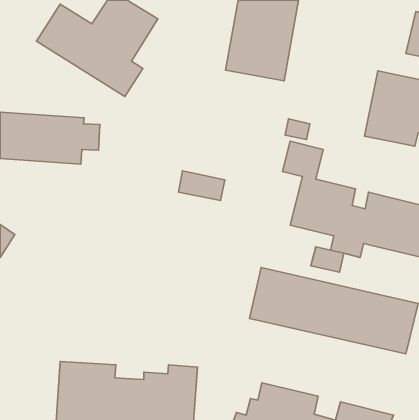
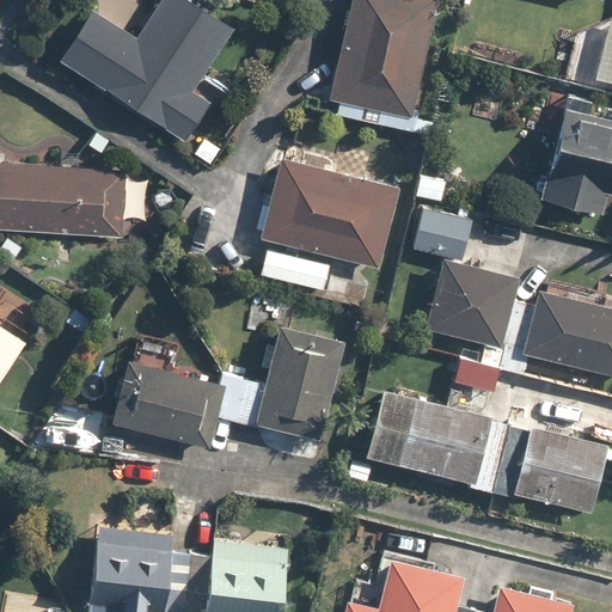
building: none -> [262,159,400,267]
building: none -> [109,324,344,451]

